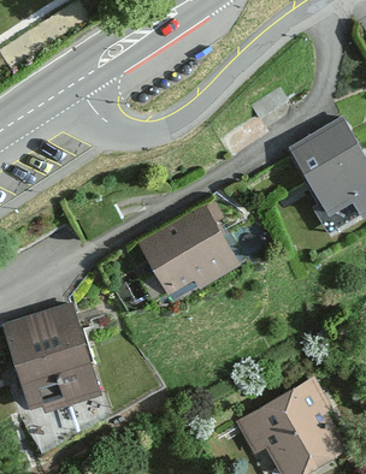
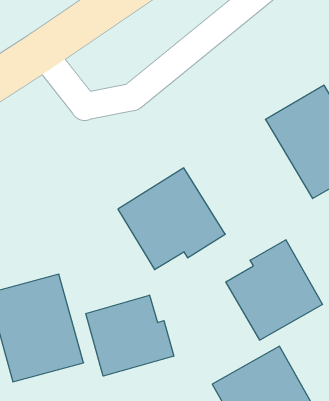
building: none -> [226,240,322,340]
building: none -> [86,295,174,376]

